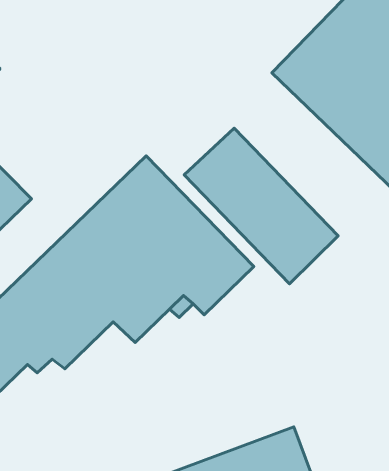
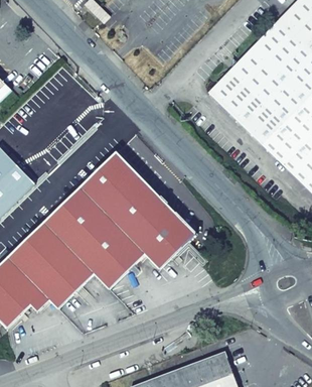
building: [184,128,338,284] -> none

